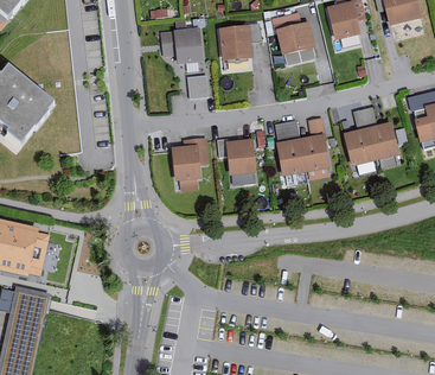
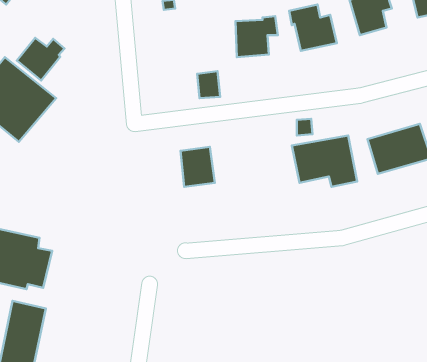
building: [161,28,204,65] -> none
building: none -> [17,38,64,81]
building: [226,139,257,174] -> none

